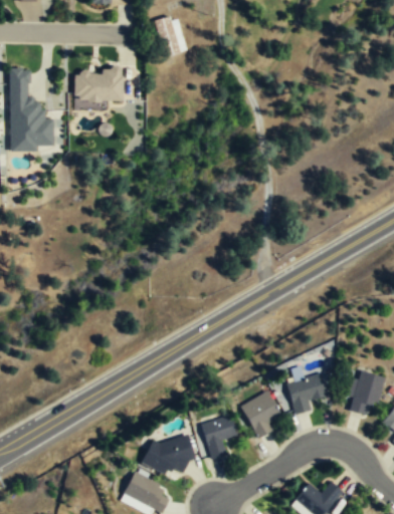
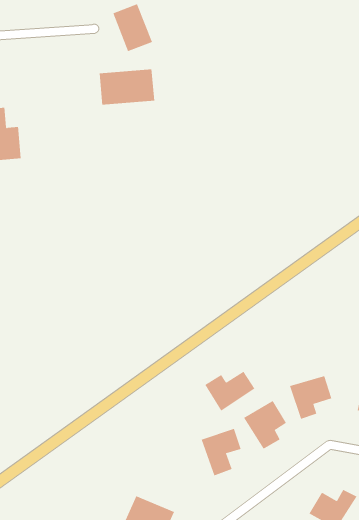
building: [74,71,125,101] -> [99,69,155,105]
building: none -> [205,371,255,411]
building: [147,441,193,472] -> none

